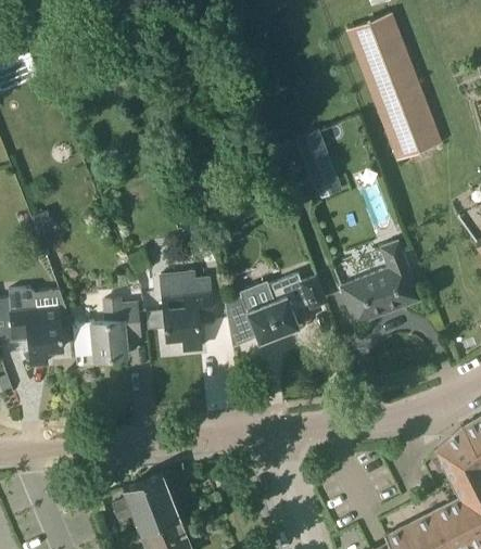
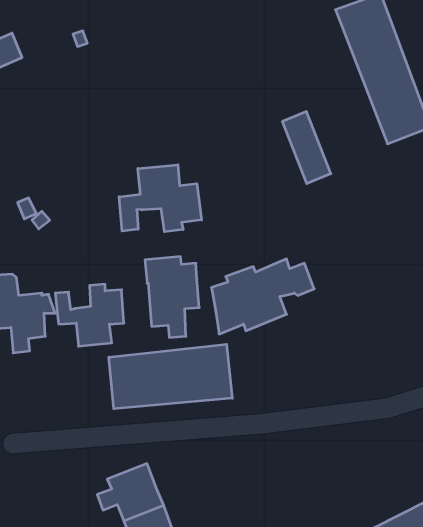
building: none -> [119,165,202,232]
building: [341,241,421,325] -> none
building: none -> [109,344,232,409]

